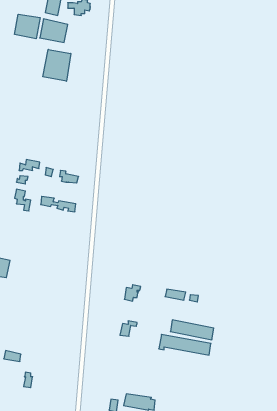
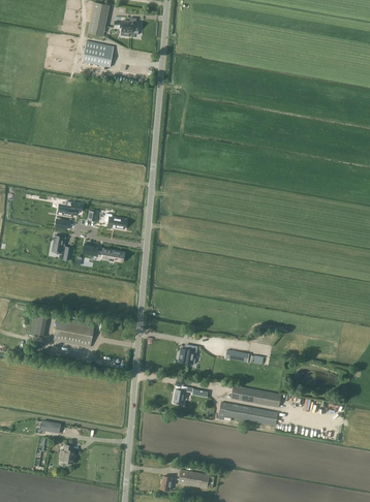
building: [15,14,40,39] -> none
building: [43,49,71,81] -> none
building: none -> [53,317,94,347]

